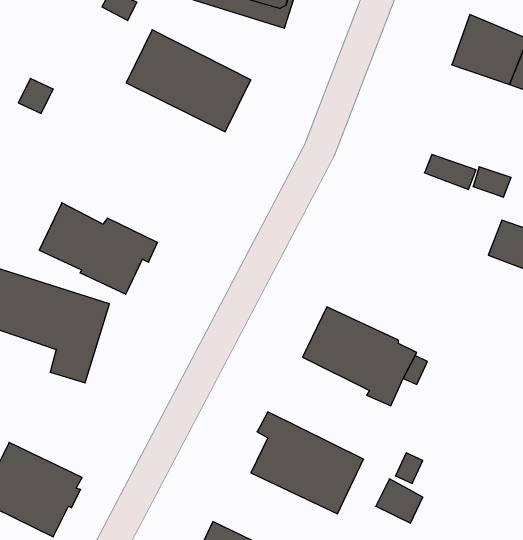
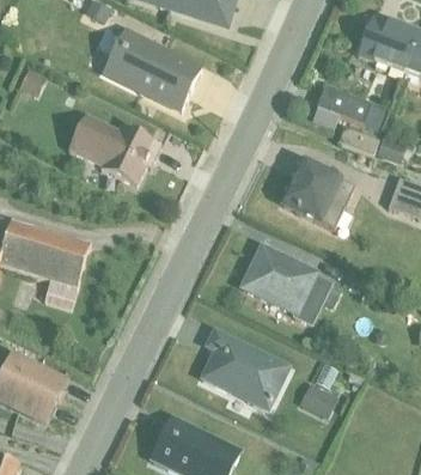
building: none -> [312,85,389,129]
building: none -> [283,160,355,227]
building: [39,203,158,294] -> [68,112,161,184]

